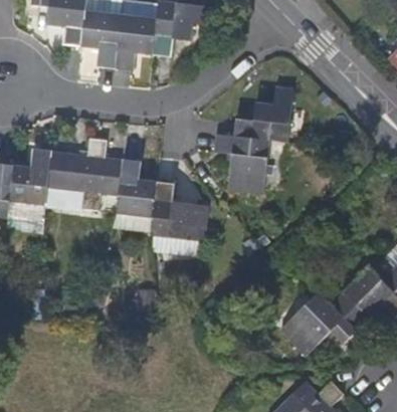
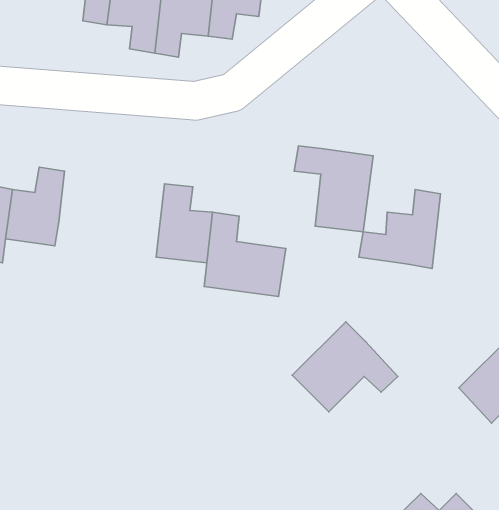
building: [235,87,293,144] -> [359,190,441,268]
building: [46,138,122,211] -> none
building: [279,292,355,357] -> [292,322,398,412]

